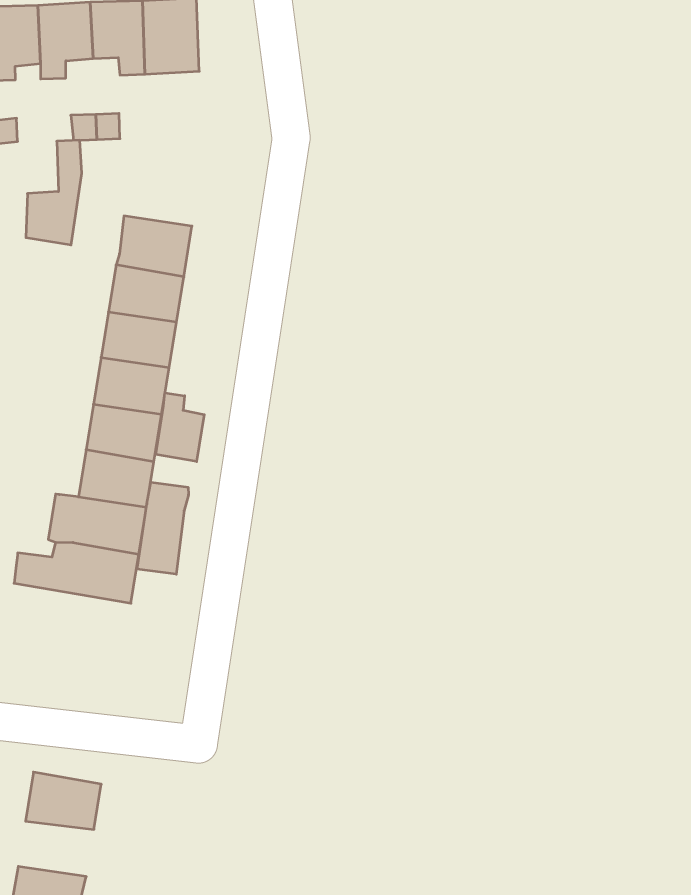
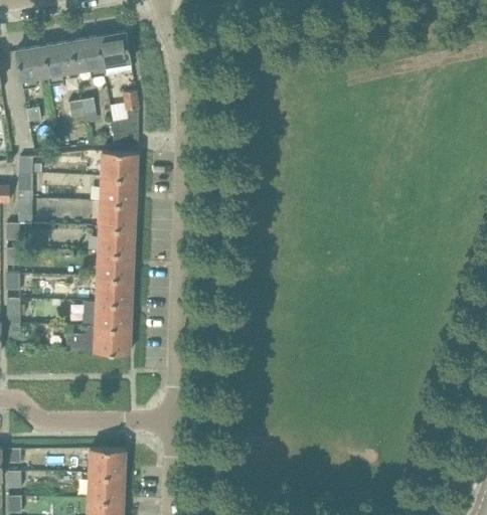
building: [26,140,82,245] -> [112,91,139,146]
building: [156,393,204,462] -> none
building: [137,482,188,574] -> none
building: none -> [88,474,125,499]

